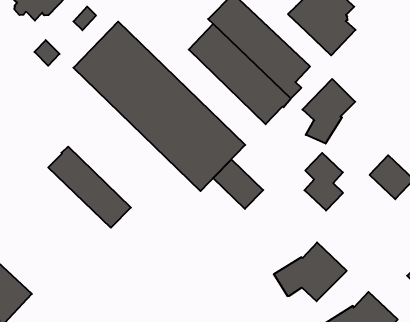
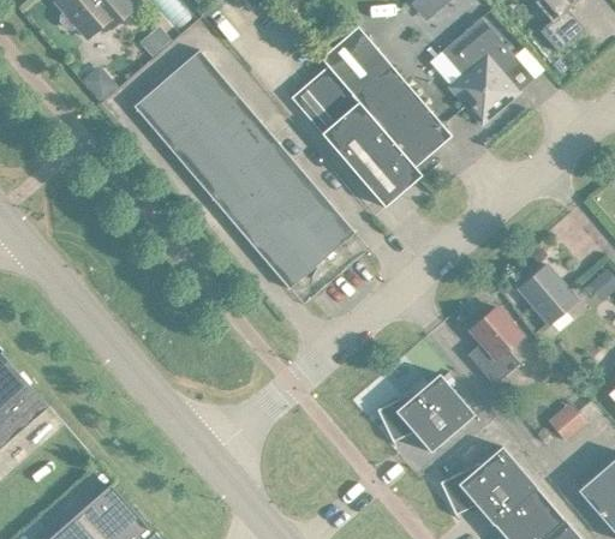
building: [302,79,355,144] -> none
building: [48,147,131,228] -> none
building: [304,153,343,211] -> [467,306,521,384]
building: [213,159,263,209] -> none

